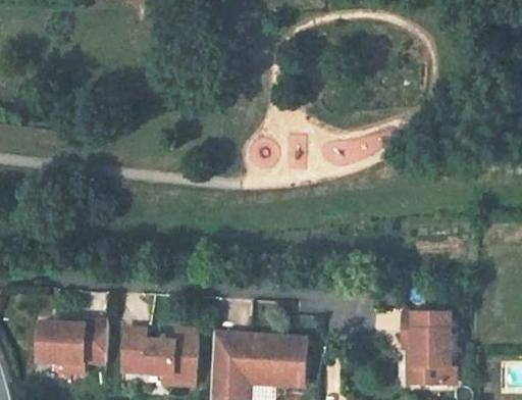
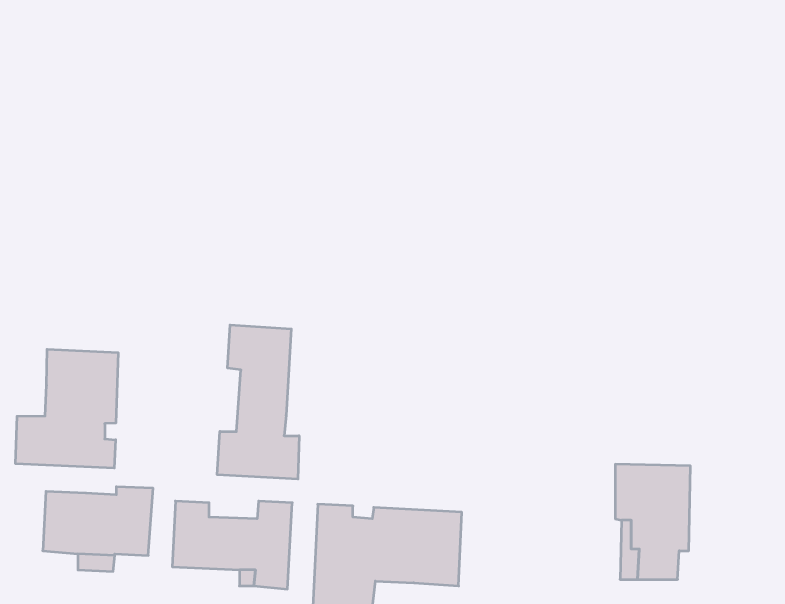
building: none -> [217,325,299,479]
building: none -> [16,349,118,468]

